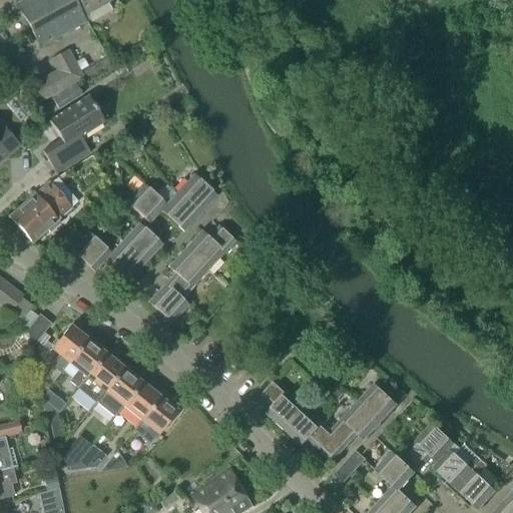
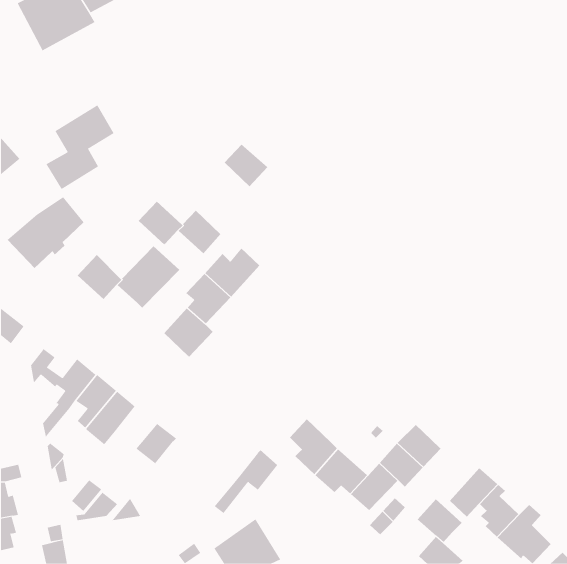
building: [29,49,110,102] -> none
building: [177,172,217,211] -> [224,144,268,187]
building: [95,367,142,416] -> none
building: [118,396,176,454] -> [214,449,278,514]

